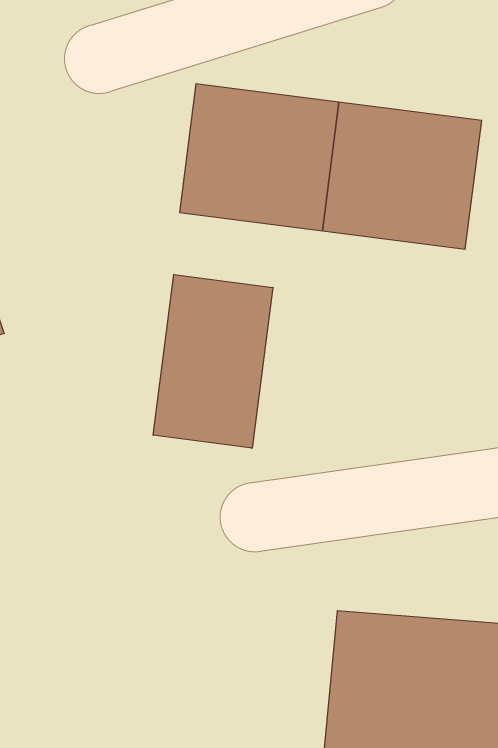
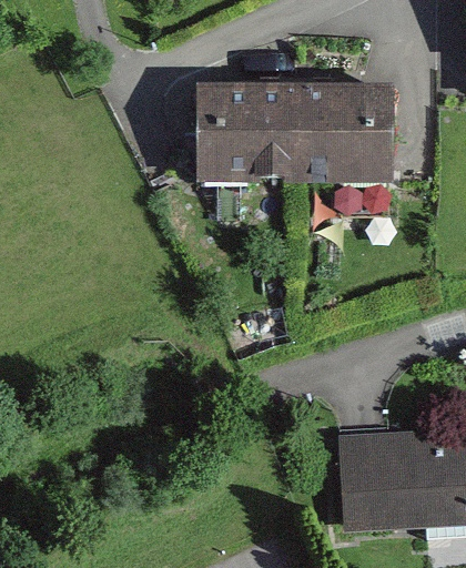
building: [153,274,273,448] -> none

